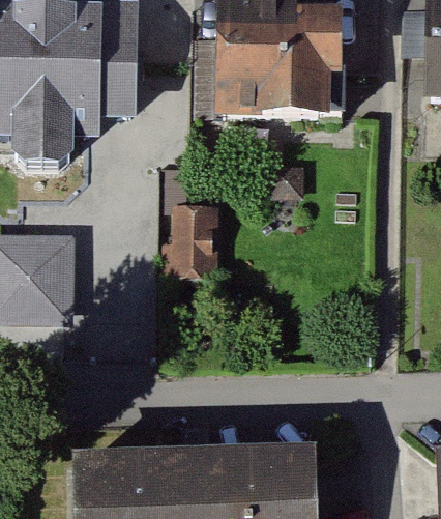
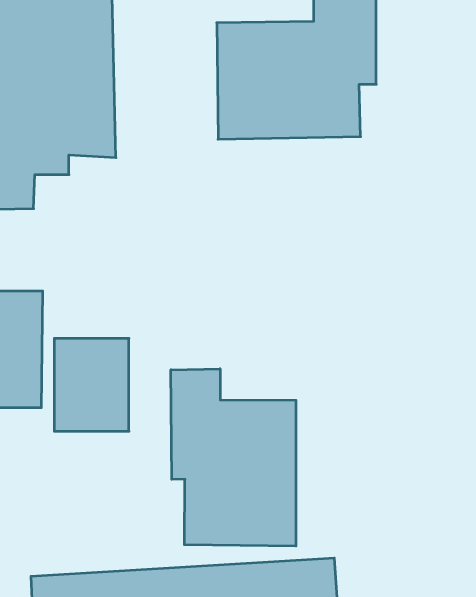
building: [163,202,222,276] -> [54,338,129,431]
building: none -> [171,369,296,546]

